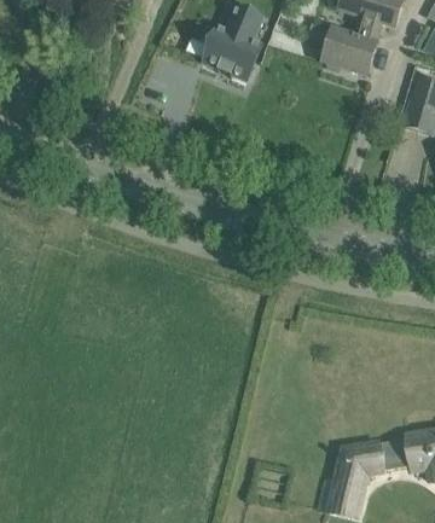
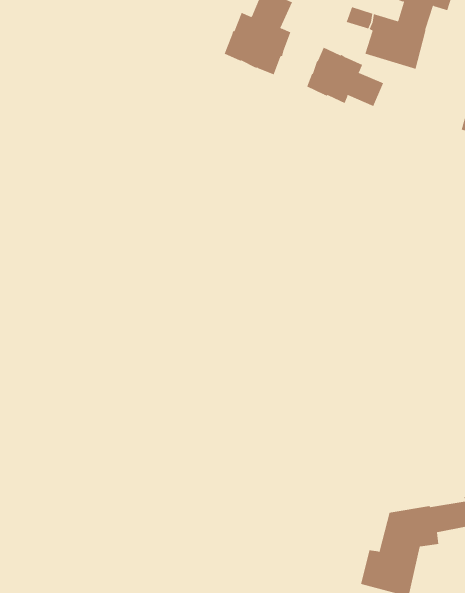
building: none -> [306,47,384,107]

